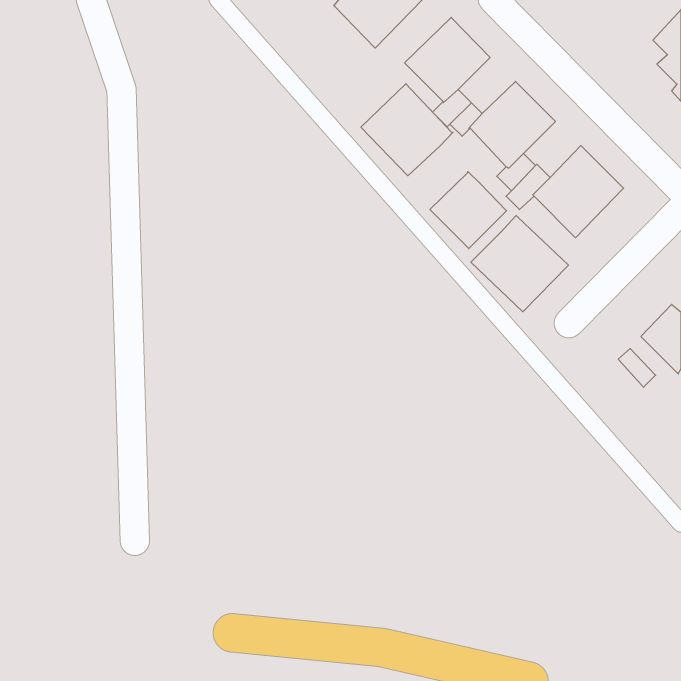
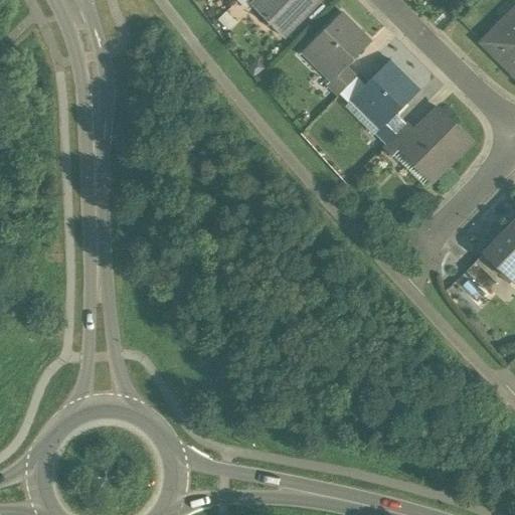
building: [361,84,453,176] -> none
building: [430,172,507,249] -> none
building: [471,216,568,312] -> none

